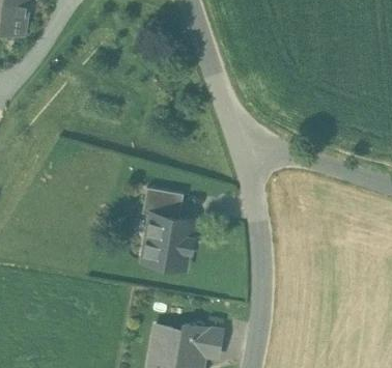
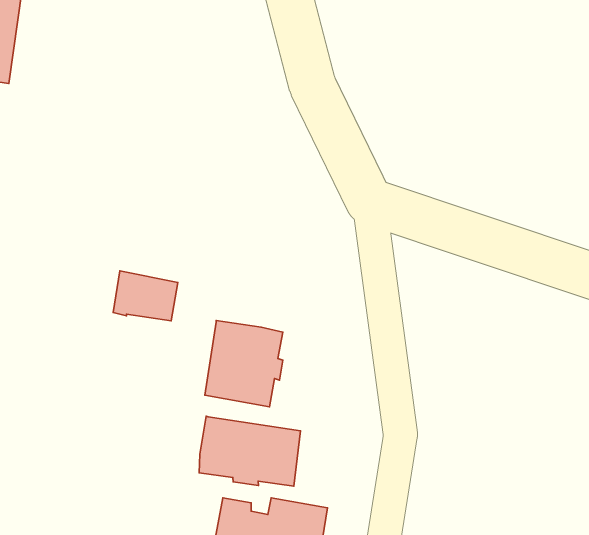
building: [142,187,183,218] -> [113,271,178,321]
building: none -> [199,416,300,486]

